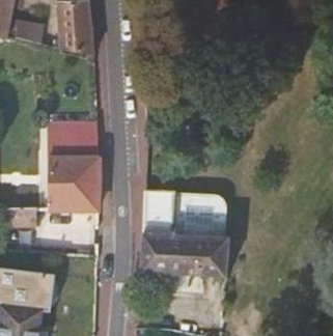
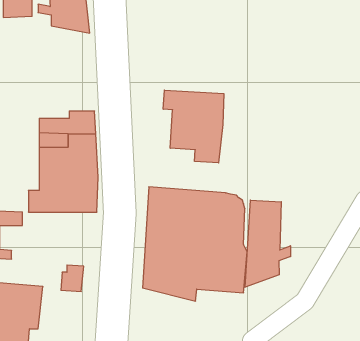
building: none -> [163,90,224,163]
building: none -> [245,200,291,287]

